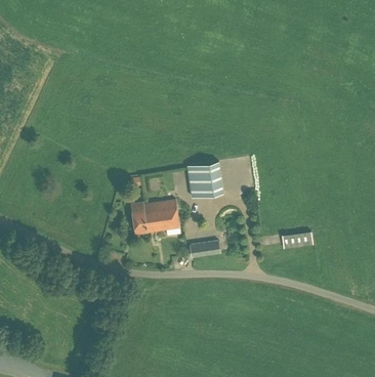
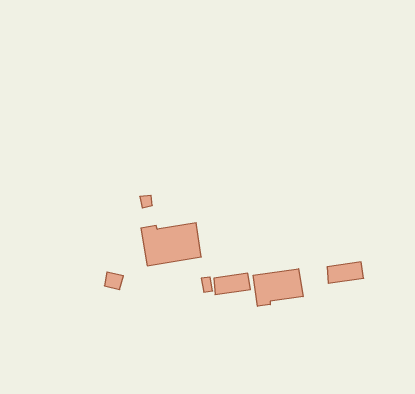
building: [186,161,222,197] -> none
building: none -> [253,269,303,306]

